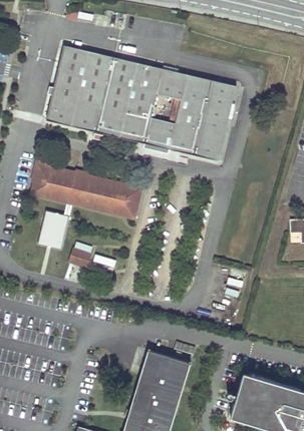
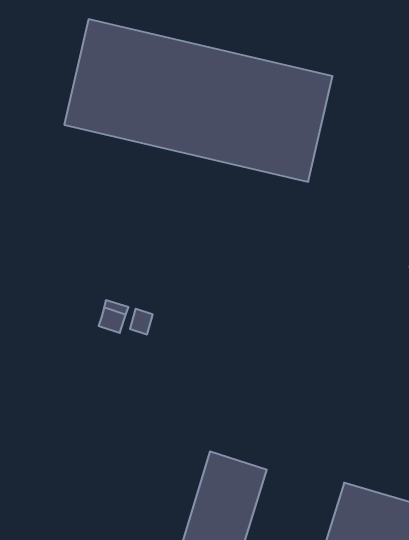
building: [32,161,141,219] -> none
building: [40,211,70,250] -> none

